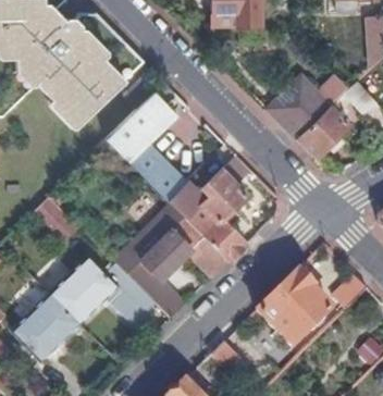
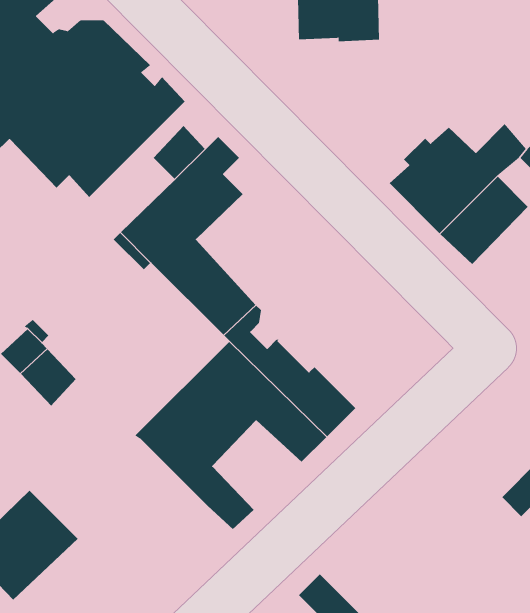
building: [199,156,249,224] -> none
building: [50,258,157,326] -> none
building: [257,273,330,348] -> none

